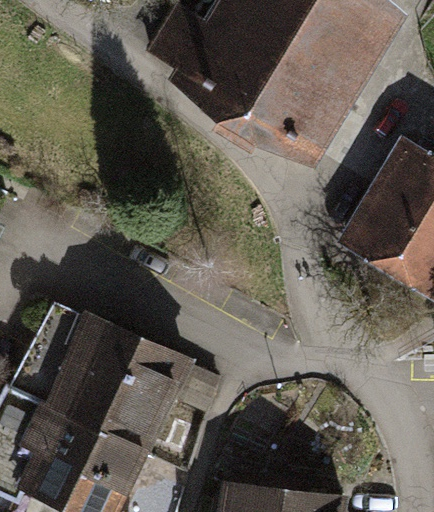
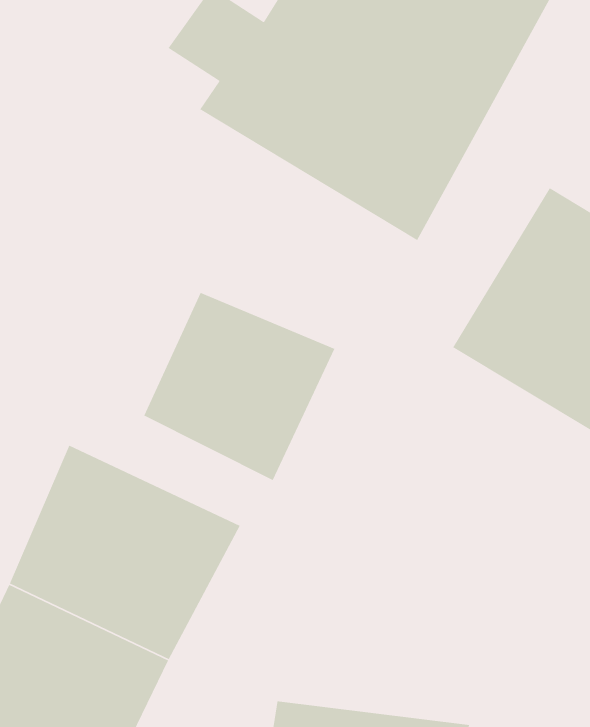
building: none -> [143,292,336,481]

